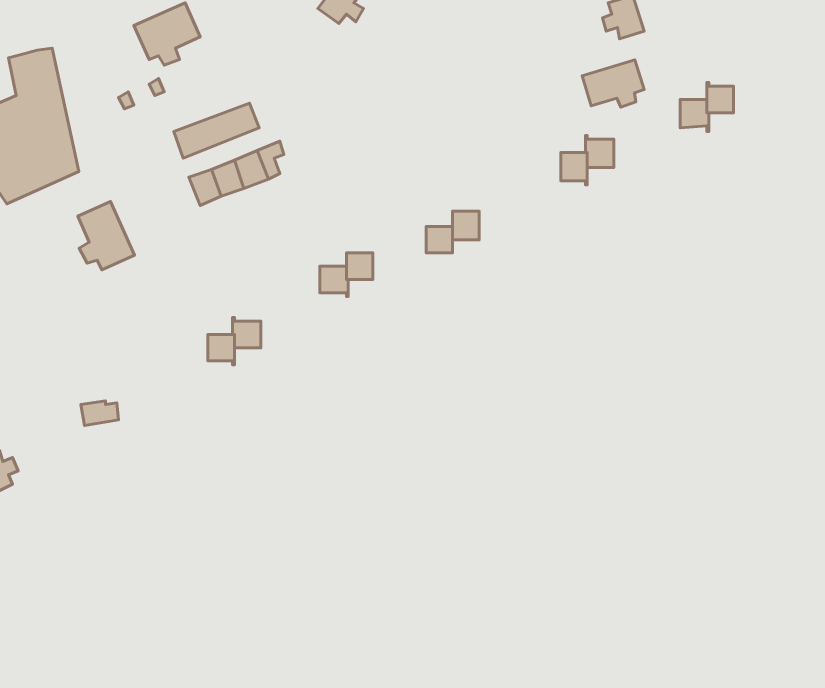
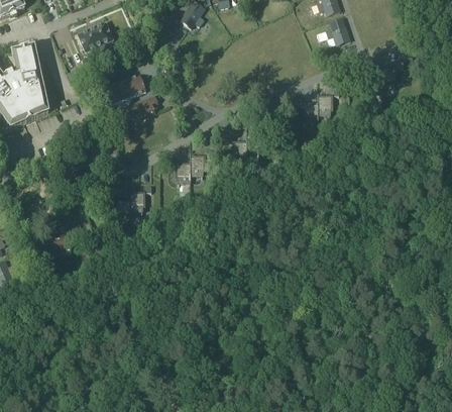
building: [582,60,644,107] -> none
building: [78,202,135,270] -> none

